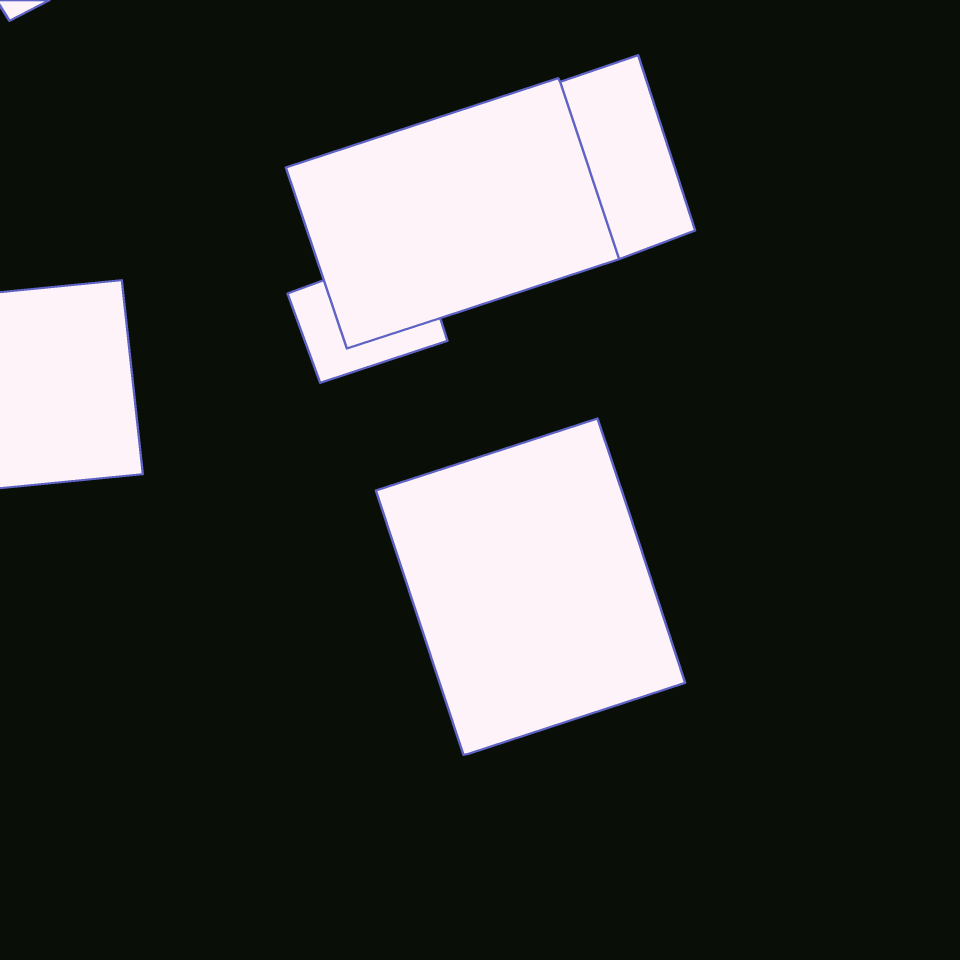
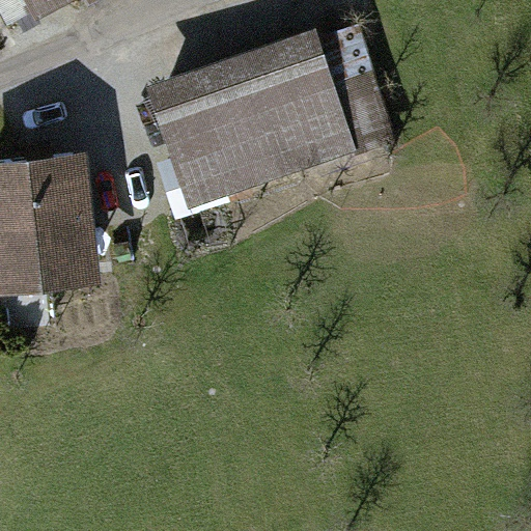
building: [376,419,685,755] -> none

